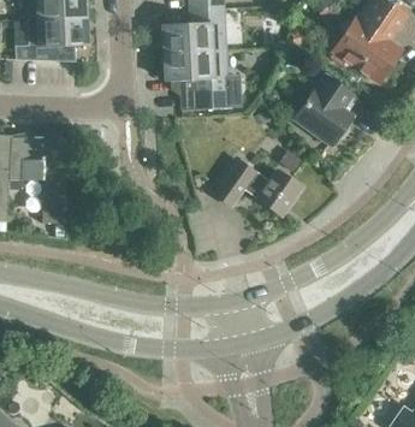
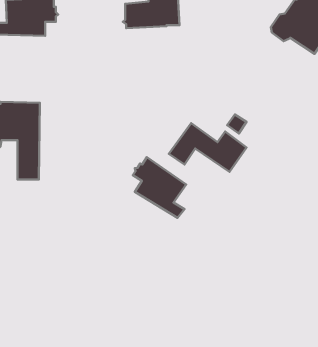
building: [162,48,242,108] -> none
building: [294,73,355,144] -> none
building: none -> [133,157,186,218]

